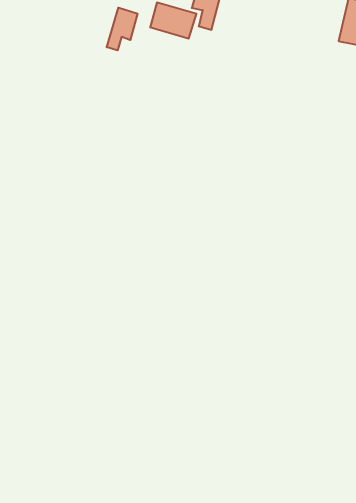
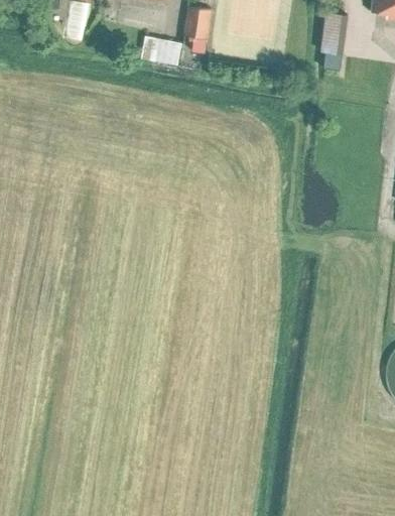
building: [107,8,138,50] -> none

